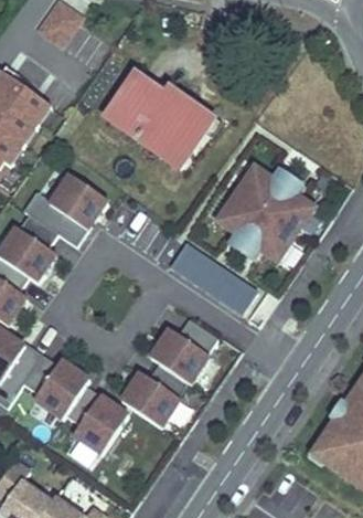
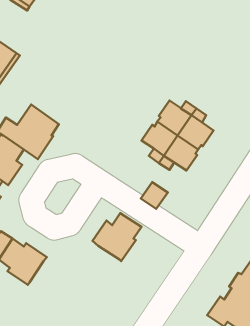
building: [107,77,210,165] -> none
building: [168,243,229,297] -> none
building: [119,361,185,425] -> none
building: [64,382,126,452] -> none

